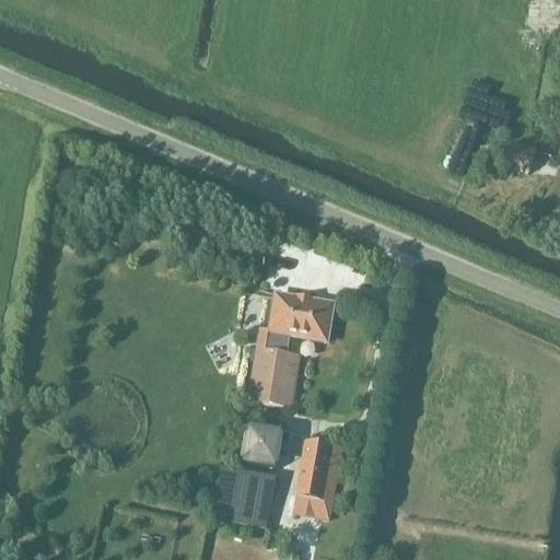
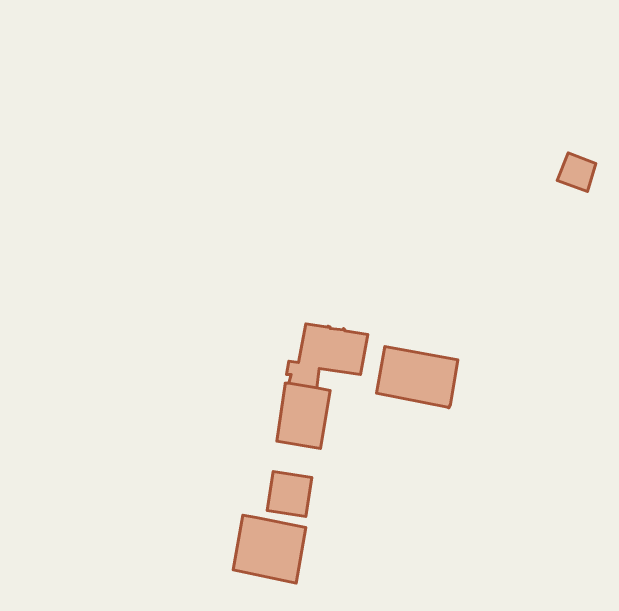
building: none -> [376,347,458,408]
building: [293,438,343,517] -> none

